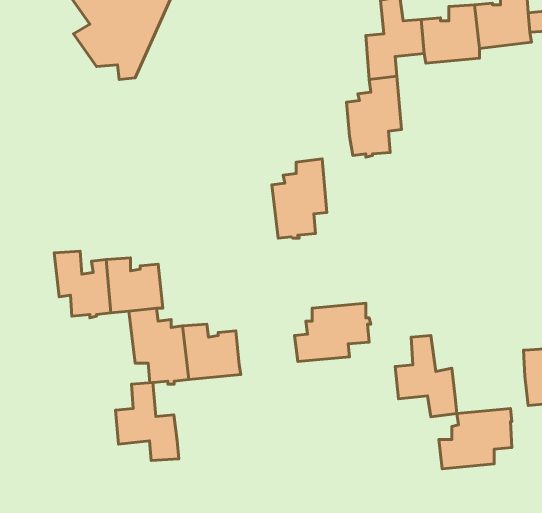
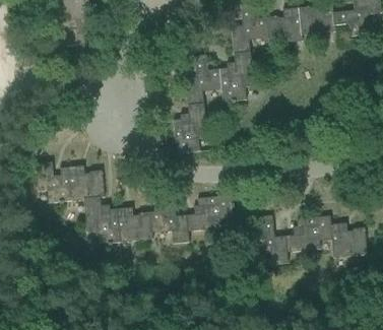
building: none -> [186,52,222,104]
building: [115,382,179,460] -> [151,192,191,241]
building: [439,409,512,469] -> [286,213,332,251]

